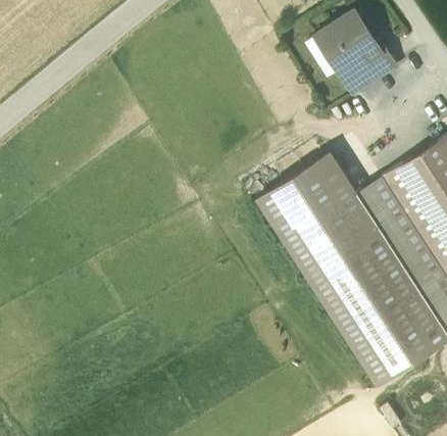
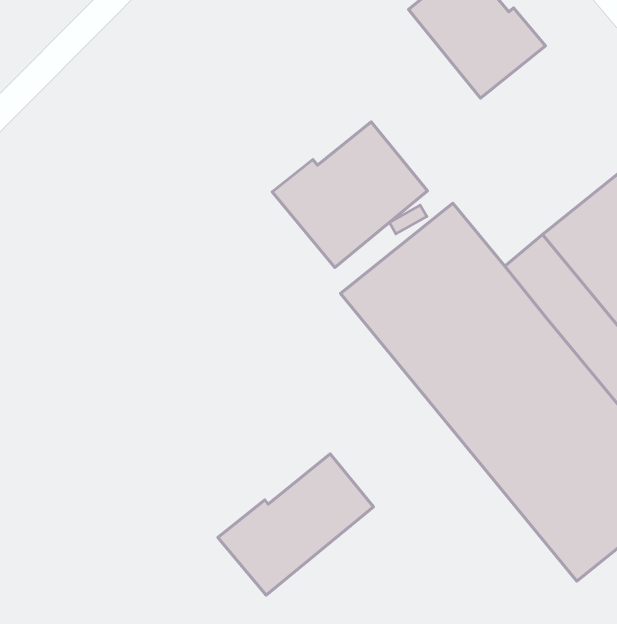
building: none -> [272,122,428,267]
building: none -> [218,454,373,595]

